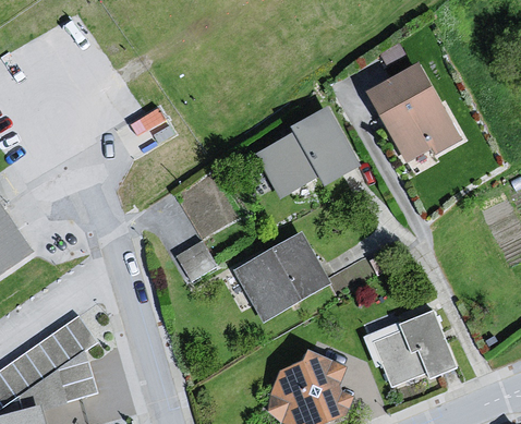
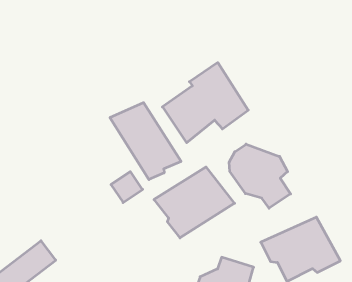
building: [365,63,460,163] -> none
building: none -> [110,103,181,180]
building: none -> [229,144,291,208]

